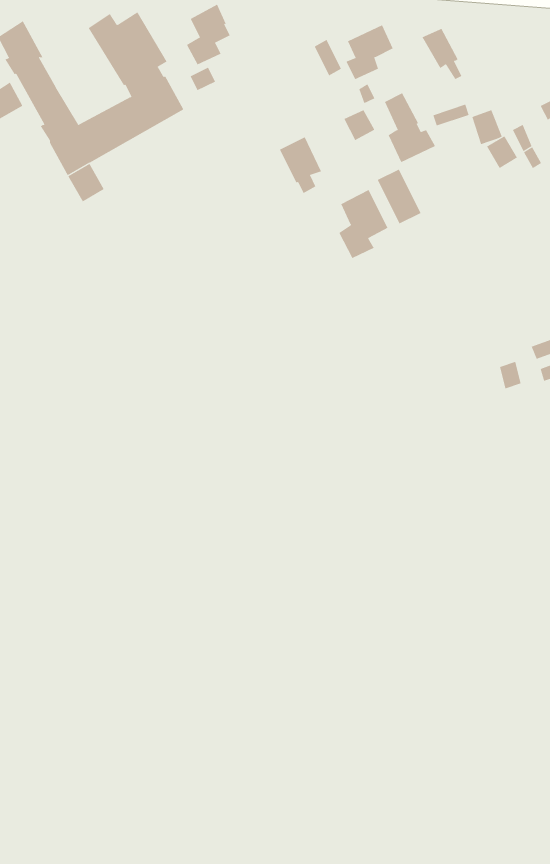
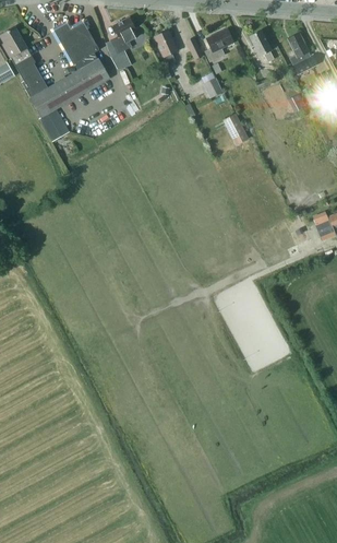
building: [384,93,436,163] -> [287,33,317,74]
building: [279,136,322,194] -> [152,29,177,63]
building: [339,189,388,259] -> none

